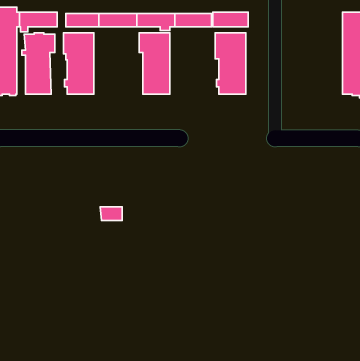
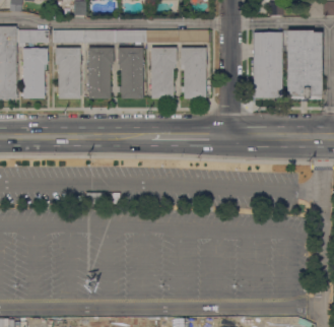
building: none -> [253,32,282,99]
building: none -> [87,48,113,99]
building: none -> [151,48,177,99]

